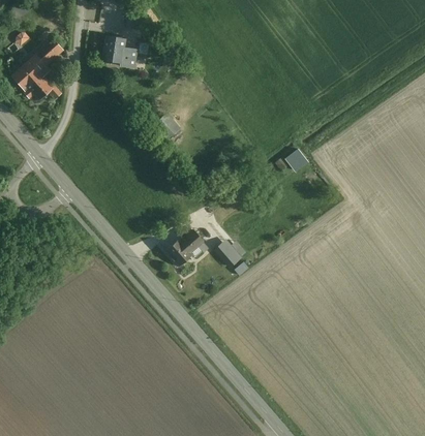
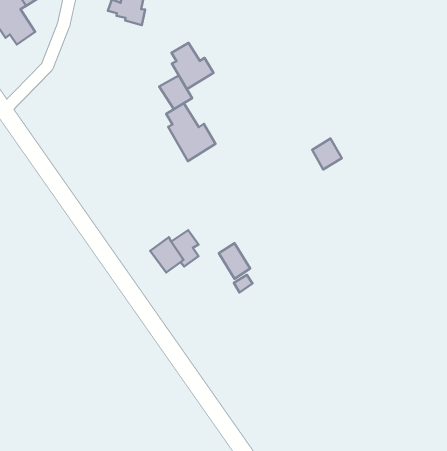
building: none -> [172,43,213,89]
building: none -> [166,103,216,161]

